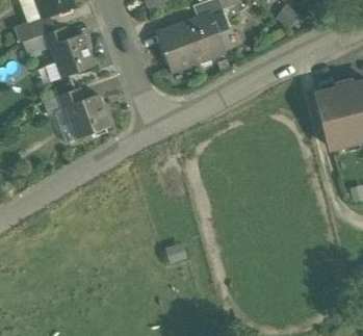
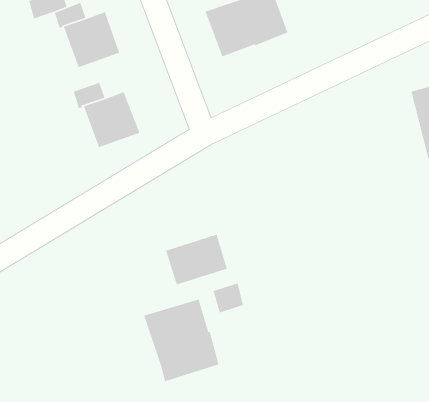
building: none -> [165,234,228,285]
building: none -> [143,298,219,383]

